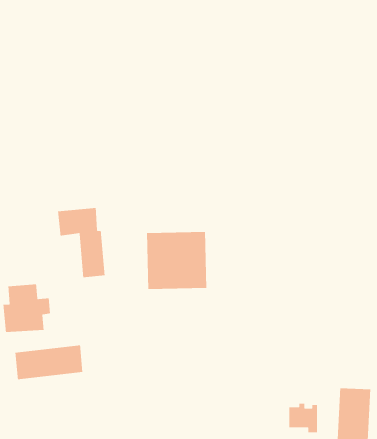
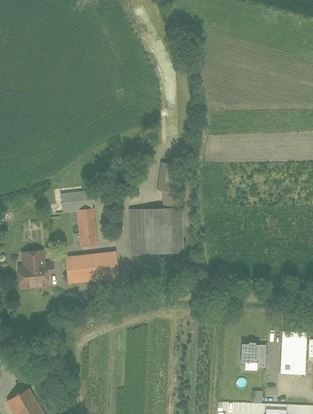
building: [15,345,83,380] -> [65,251,119,279]

